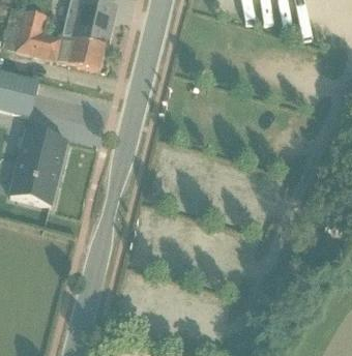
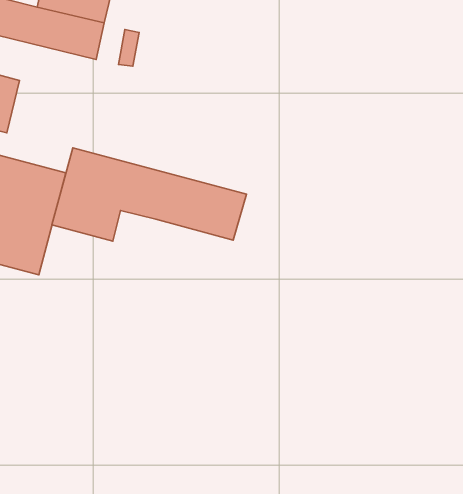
building: none -> [52,148,247,241]

